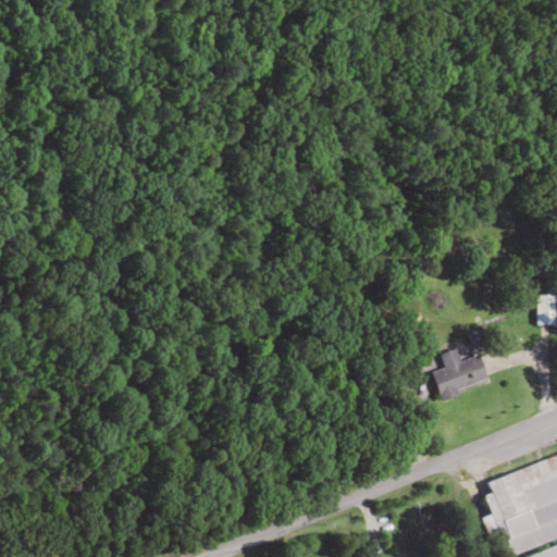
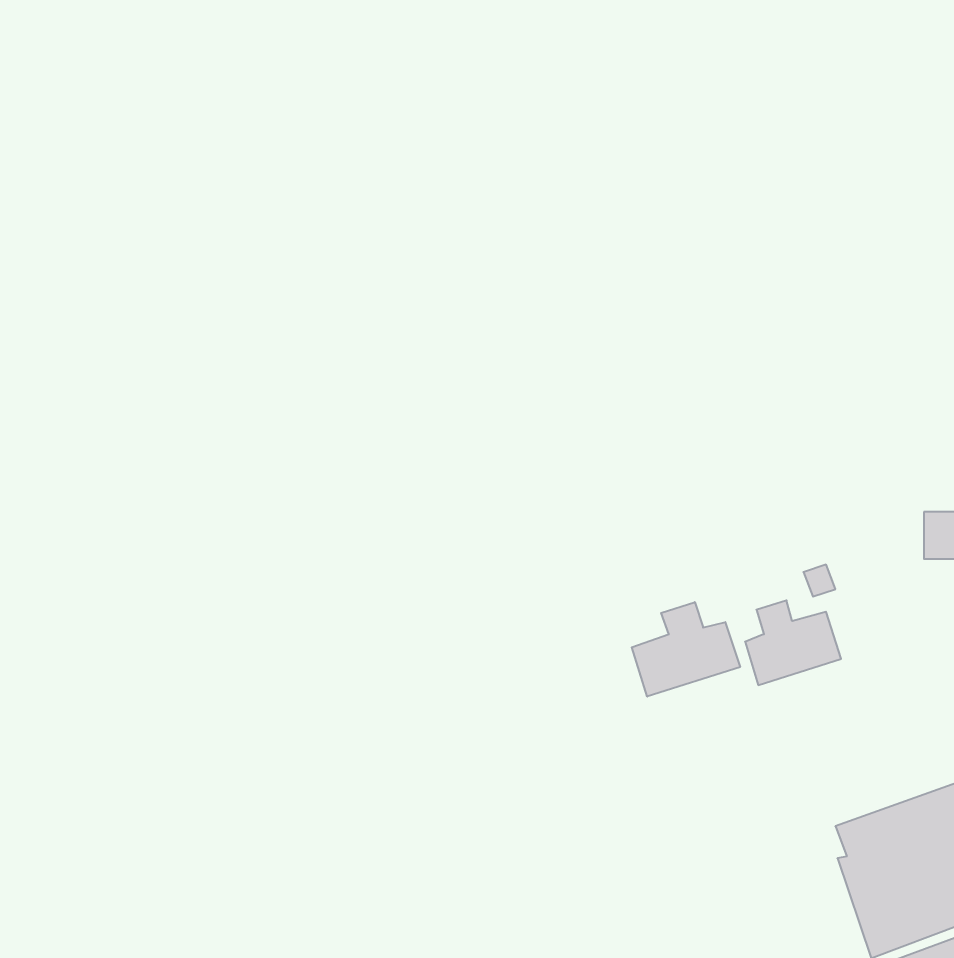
building: none -> [632,602,740,697]

